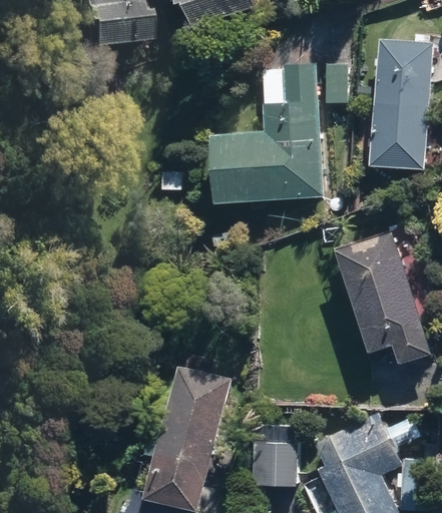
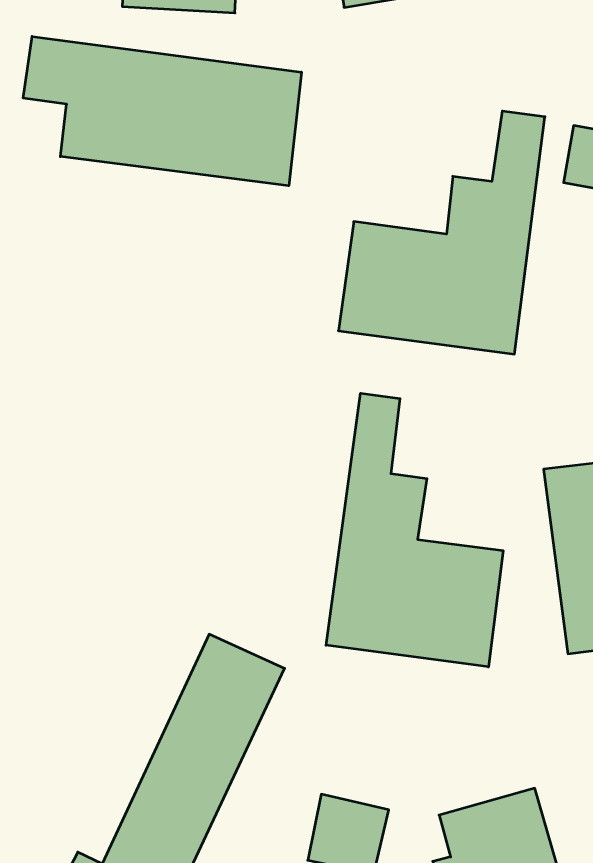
building: none -> [23,36,301,186]
building: none -> [326,393,503,667]

